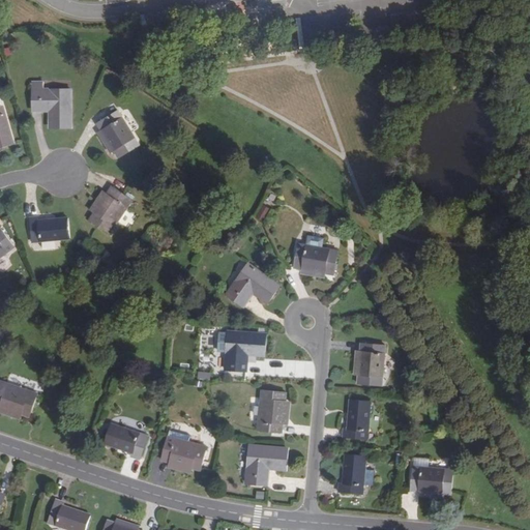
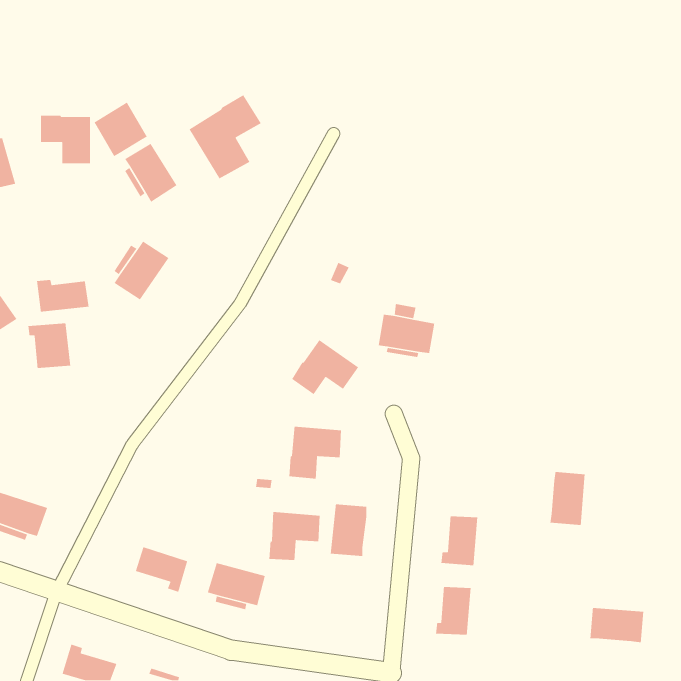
building: none -> [189,94,262,180]
building: none -> [93,102,148,157]
building: none -> [27,322,71,369]
building: [356,343,384,385] -> [549,471,585,526]
building: [245,445,286,483] -> [268,511,320,561]
building: [410,466,452,494] -> [590,607,644,643]

